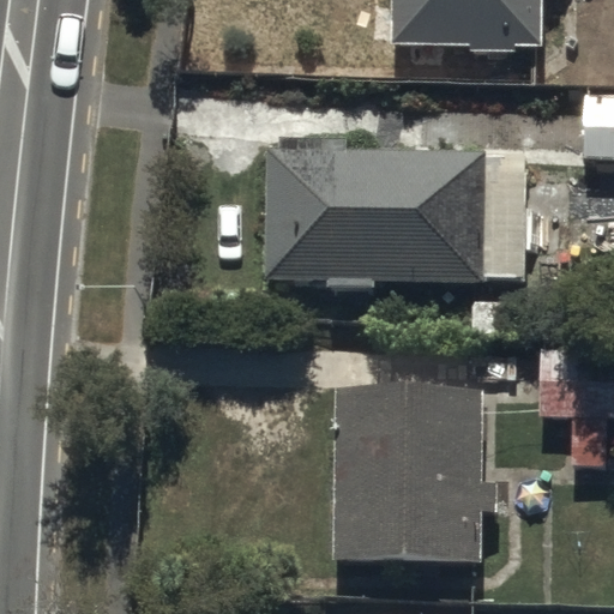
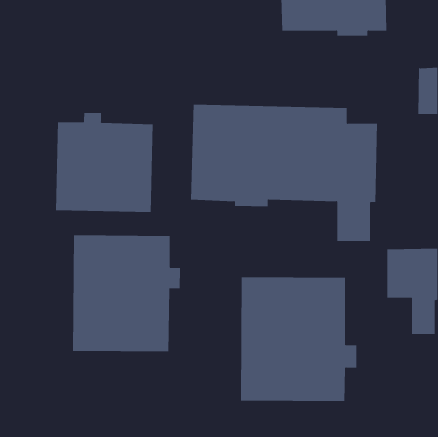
building: none -> [56,112,153,213]
building: none -> [72,235,181,352]

